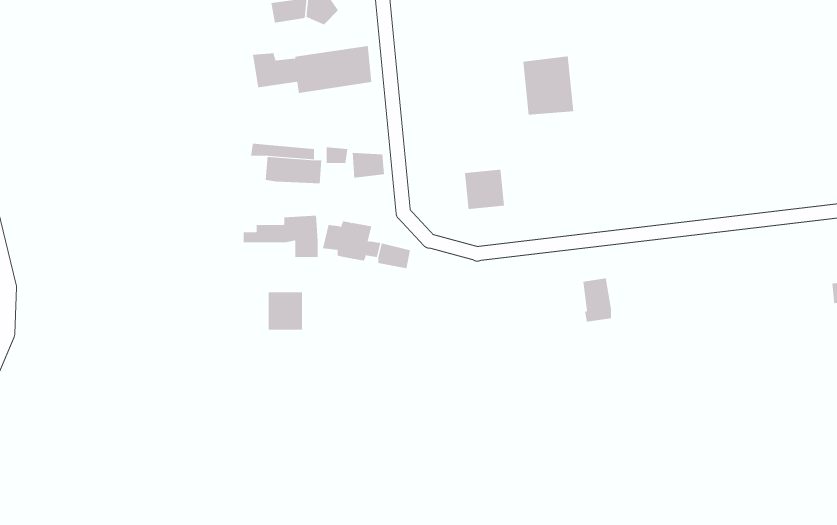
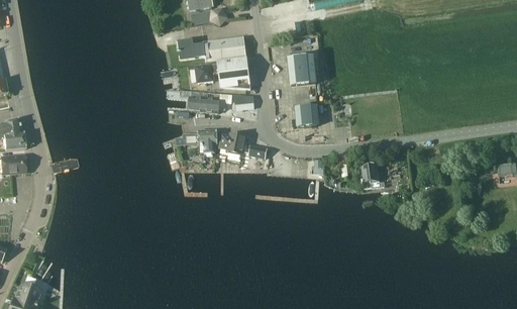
building: [522,56,574,115] -> [288,54,316,86]
building: none -> [195,57,249,88]
building: [268,291,302,331] -> none

